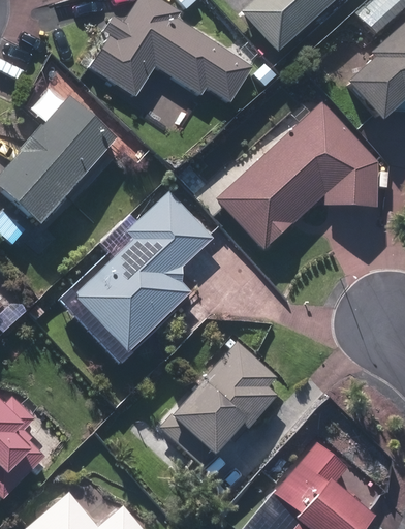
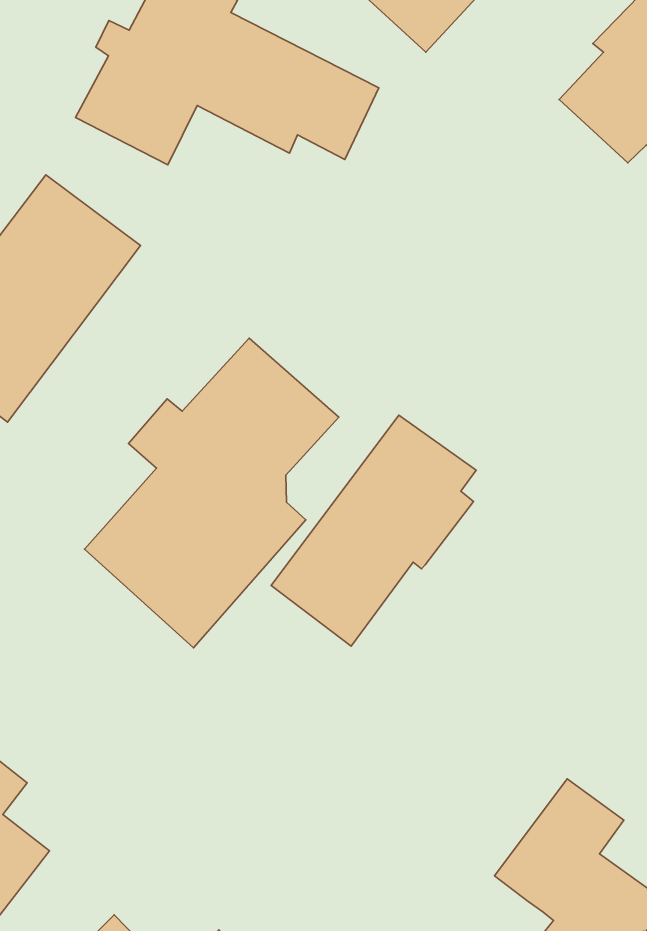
building: [218,101,379,248] -> none
building: [159,343,274,463] -> [271,415,476,646]

